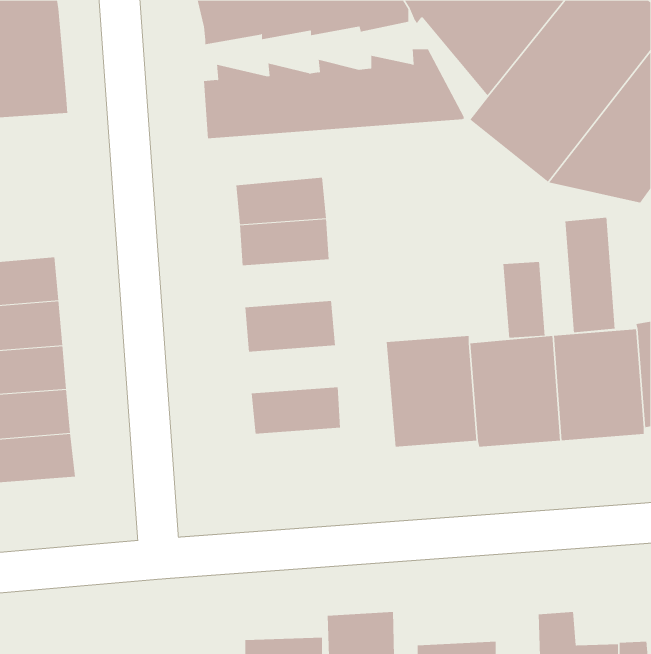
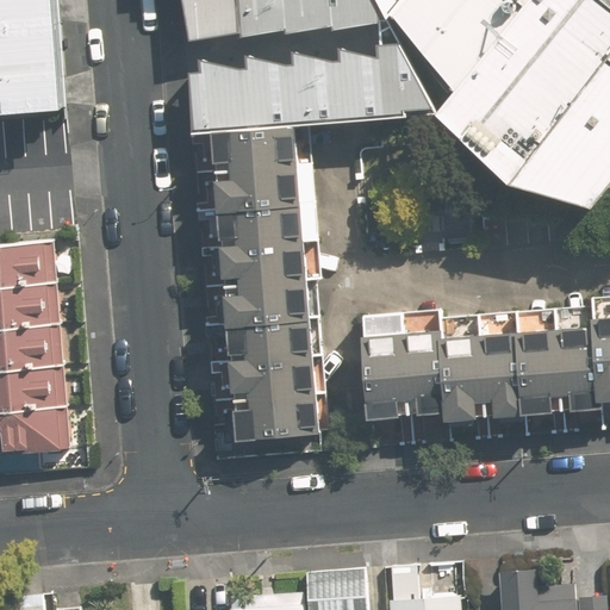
building: none -> [214,125,299,174]
building: [565,217,615,333] -> none
building: none -> [224,243,307,287]
building: [503,261,545,338] -> none
building: none -> [230,323,313,367]
building: none -> [236,399,319,443]

